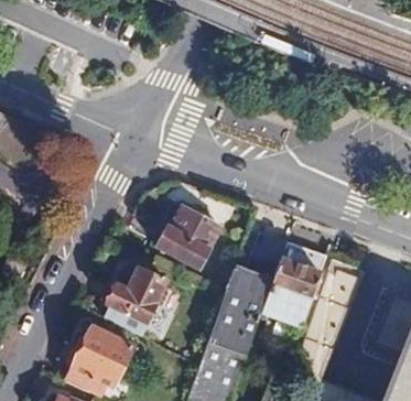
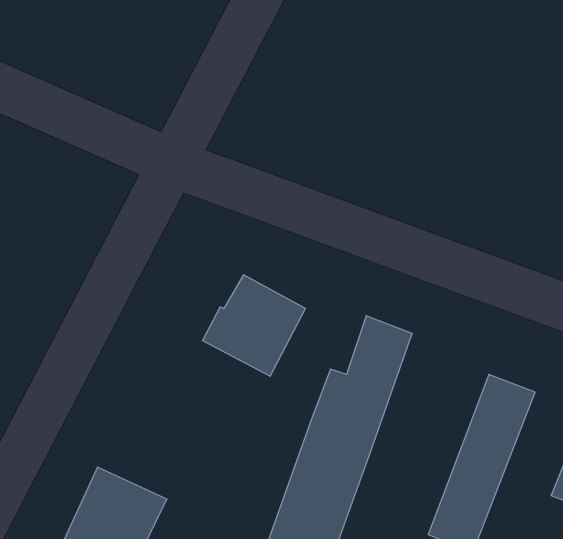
building: [261,241,327,328] -> none
building: [106,265,167,325] -> none

